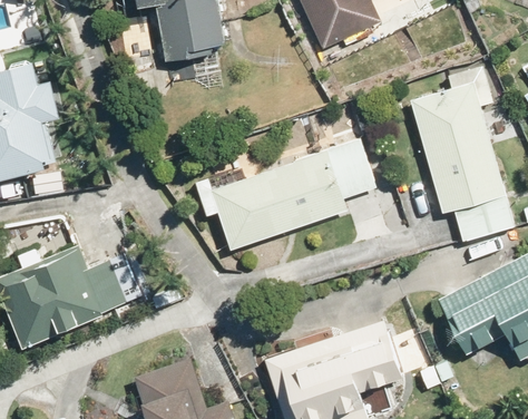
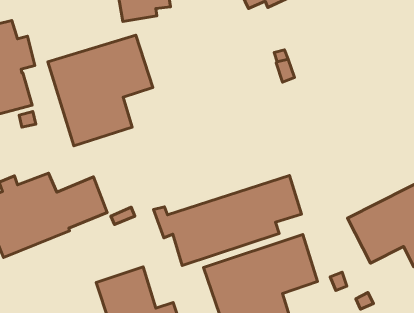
building: none -> [48,35,153,146]
building: [411,84,515,242] -> none
building: [195,142,374,251] -> [154,175,301,265]

